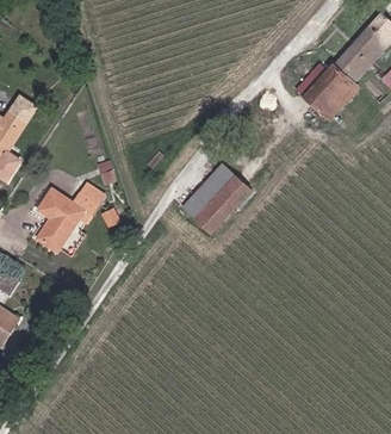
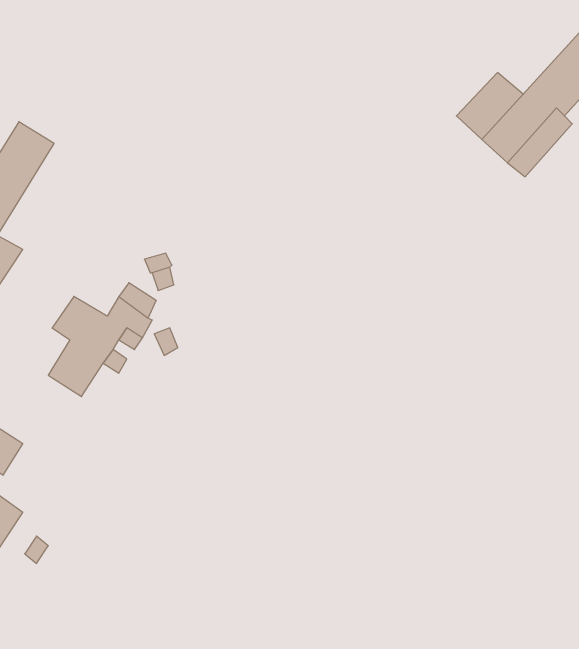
building: [180,166,247,234] -> none

